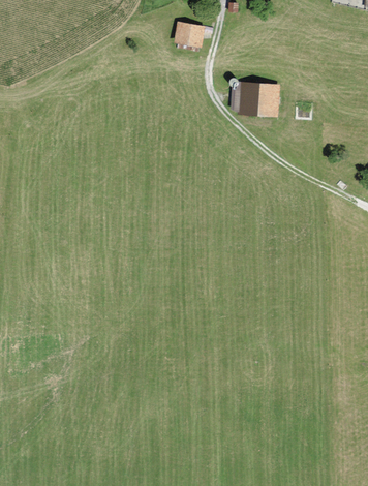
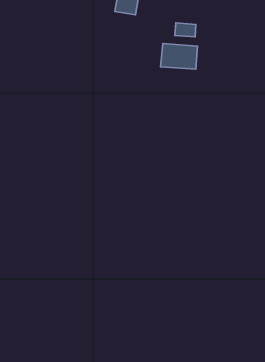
building: none -> [175,23,196,37]

